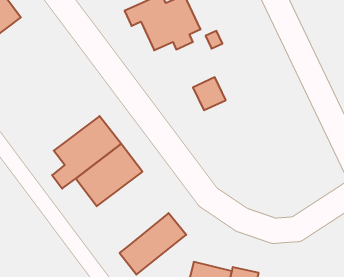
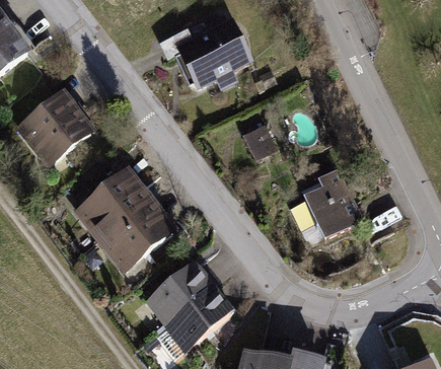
building: none -> [14,84,100,167]
building: none -> [287,169,367,242]
building: none -> [140,259,211,324]

